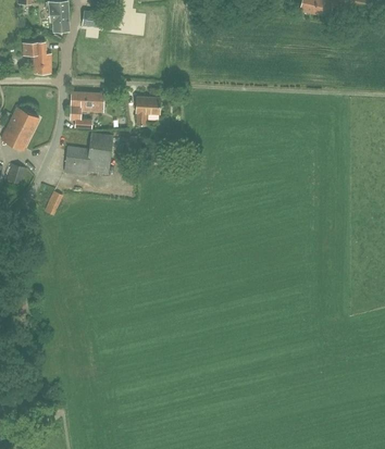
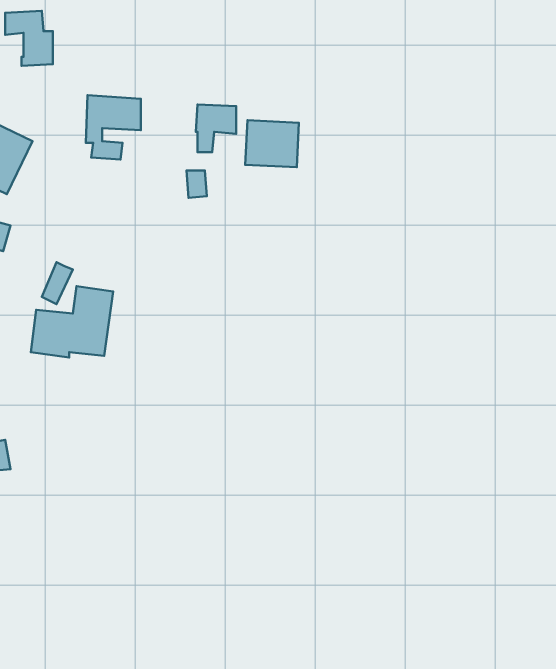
building: none -> [245,120,299,167]
building: [63,133,112,175] -> [31,286,113,358]

